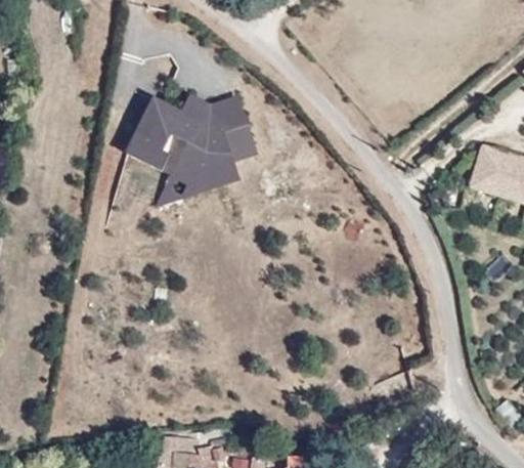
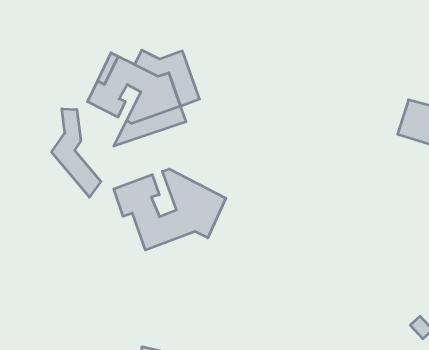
building: none -> [52,109,101,197]
building: none -> [114,169,226,250]

